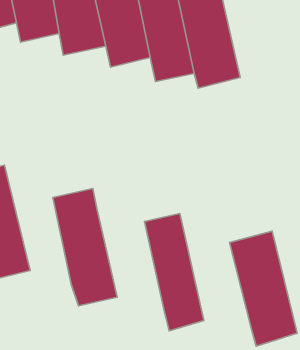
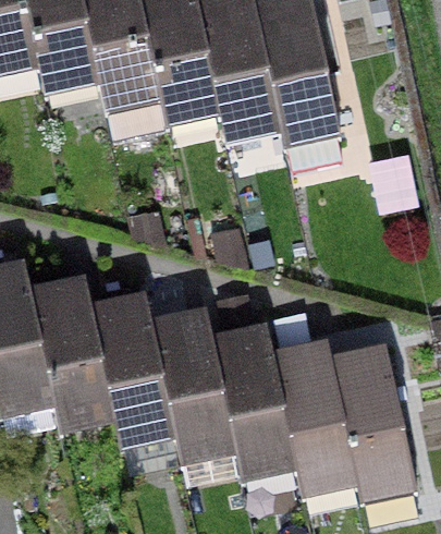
building: none -> [28,274,112,433]
building: none -> [147,305,237,470]
building: none -> [265,338,357,501]

